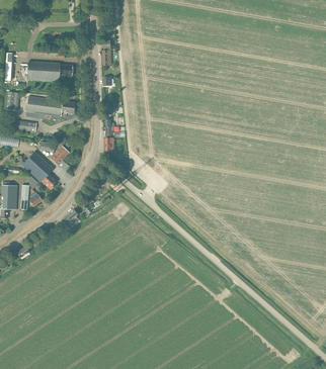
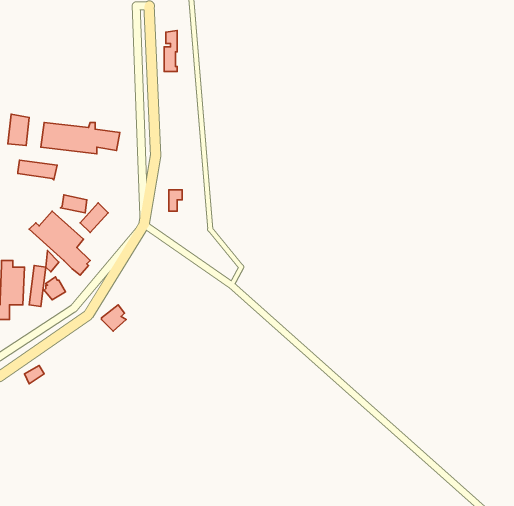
building: [26,61,72,81] -> none

